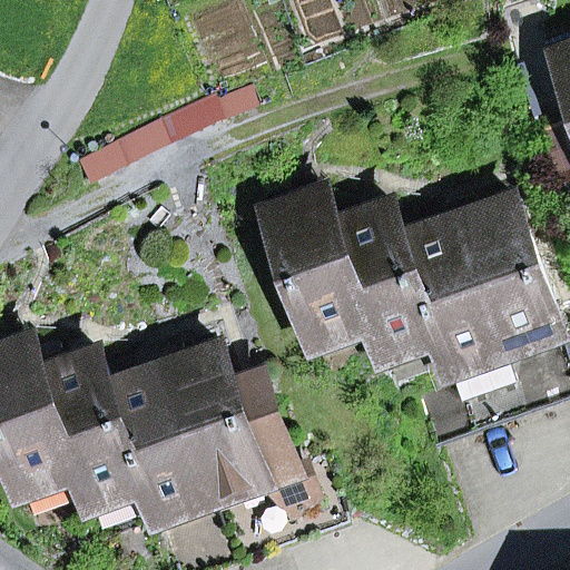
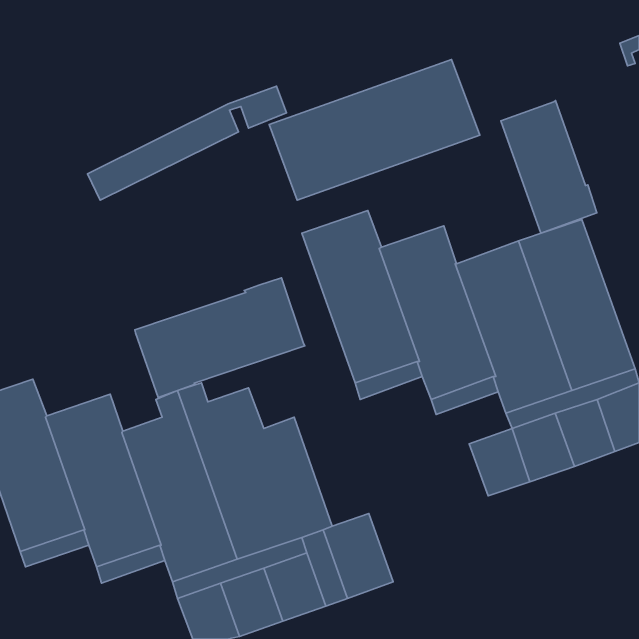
building: none -> [269,59,480,200]
building: none -> [501,100,597,233]
building: none -> [135,278,305,398]

